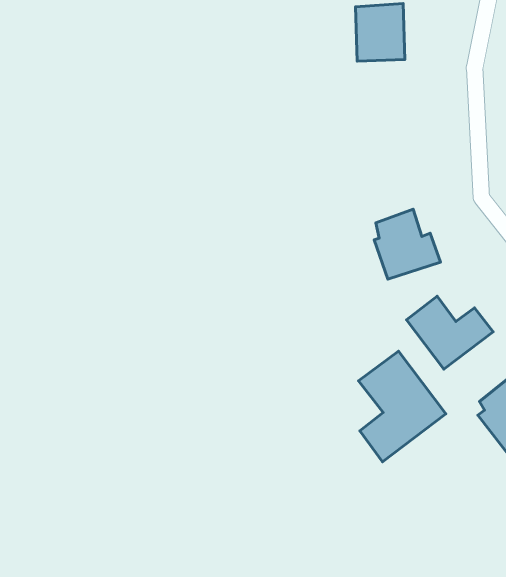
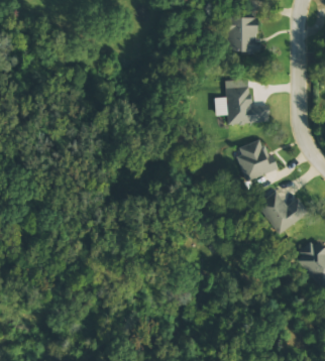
building: none -> [214,87,267,124]
building: [358,351,446,462] -> none

